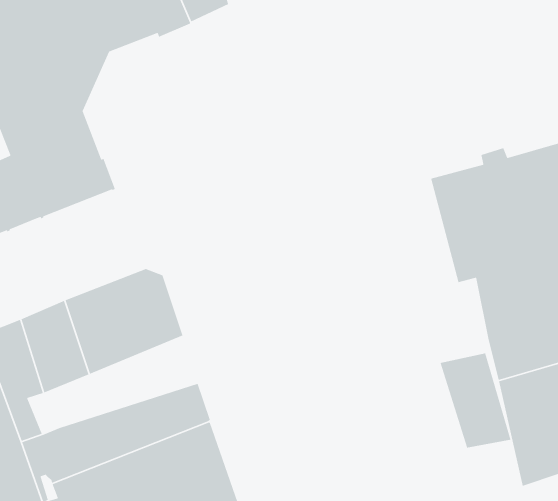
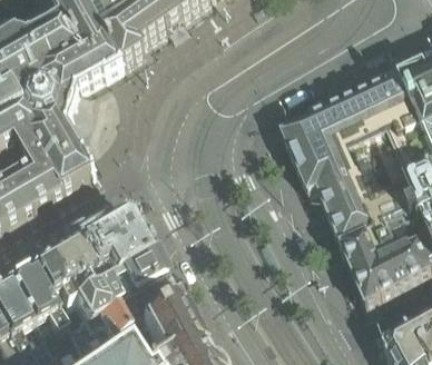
building: none -> [71,247,163,314]
building: [440,353,512,448] -> none

